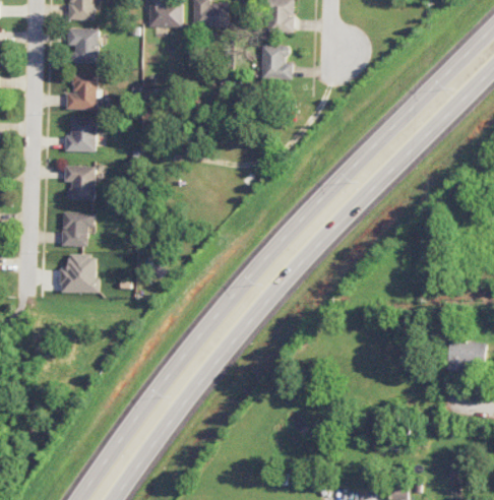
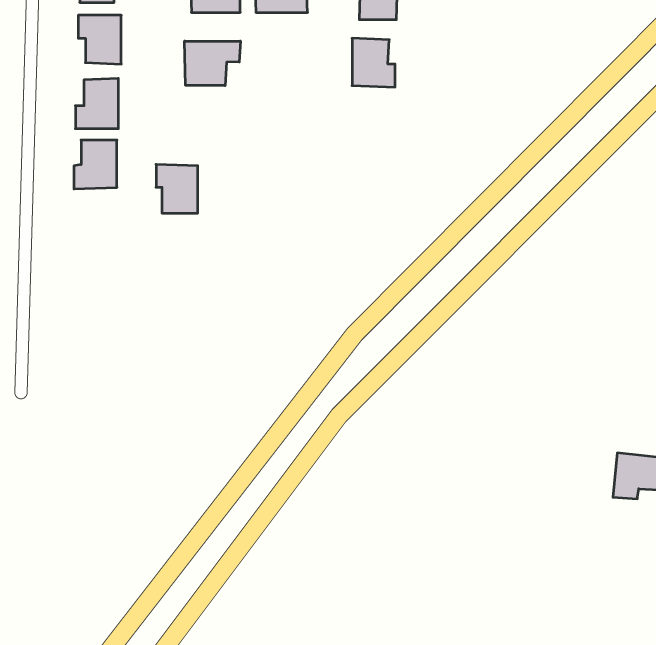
building: none -> [185,41,240,86]
building: [64,166,94,200] -> [156,164,198,213]
building: [61,212,94,247] -> none
building: [60,255,97,293] -> none

